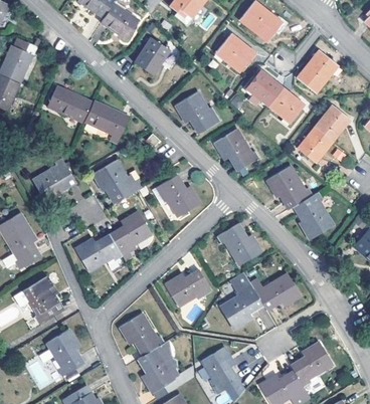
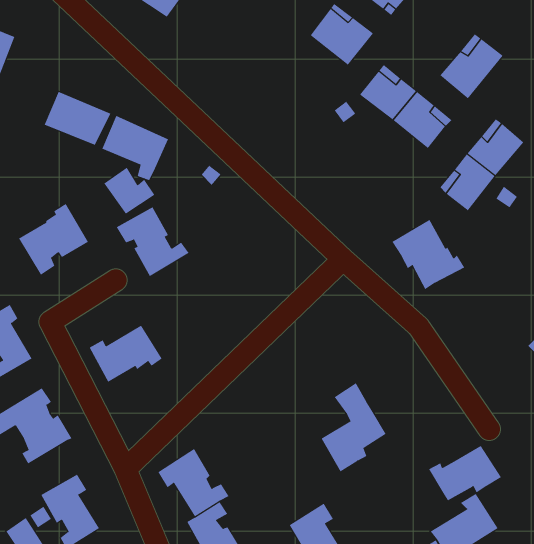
building: [134,39,169,76] -> none
building: [175,92,220,135] -> none
building: [215,131,259,173] -> none
building: none -> [104,167,155,214]
building: [157,175,202,217] -> none
building: [294,195,333,242] -> none
building: [110,210,153,255] -> none
building: [217,223,262,264] -> none
building: [165,269,212,307] -> none
building: [254,272,301,308] -> [428,445,502,501]

